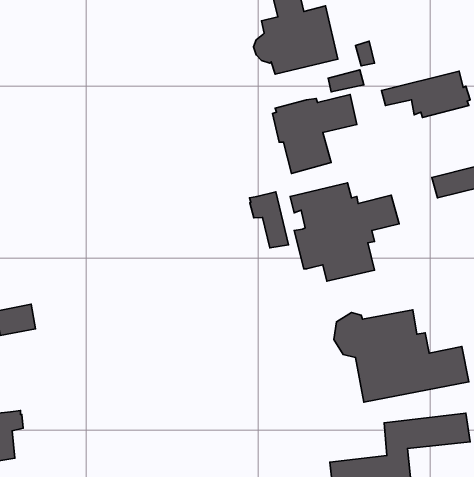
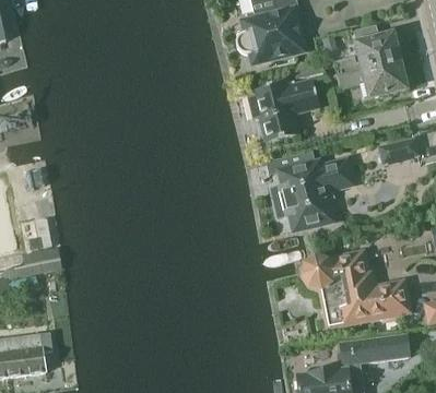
building: none -> [334,24,400,75]
building: [250,192,289,248] -> none

